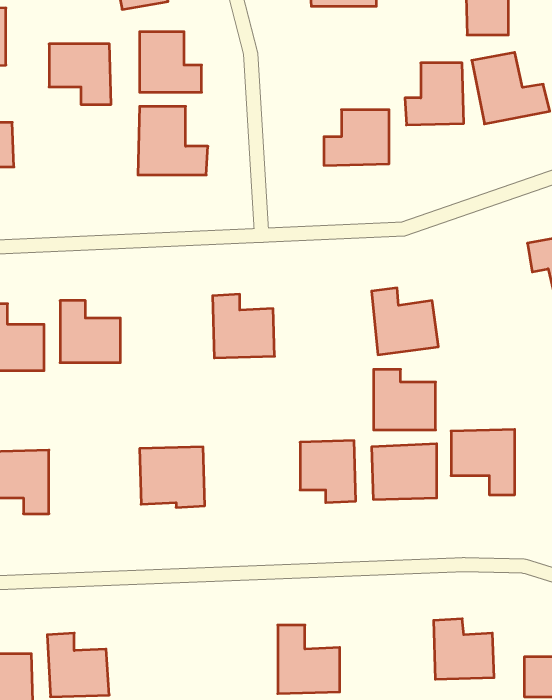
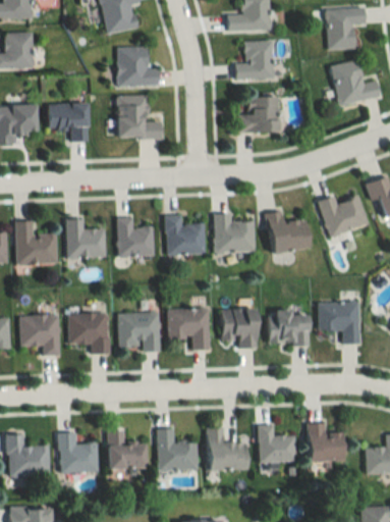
building: [49,44,111,104] -> [49,103,89,142]
building: [405,63,464,125] -> [235,41,273,81]
building: none -> [317,196,369,239]
building: none -> [118,218,153,257]
building: [374,369,436,430] -> [214,214,254,253]
building: none -> [168,309,209,351]
building: none -> [68,314,110,354]
building: none -> [258,425,294,463]
building: none -> [158,429,197,470]
building: none -> [108,430,148,468]

